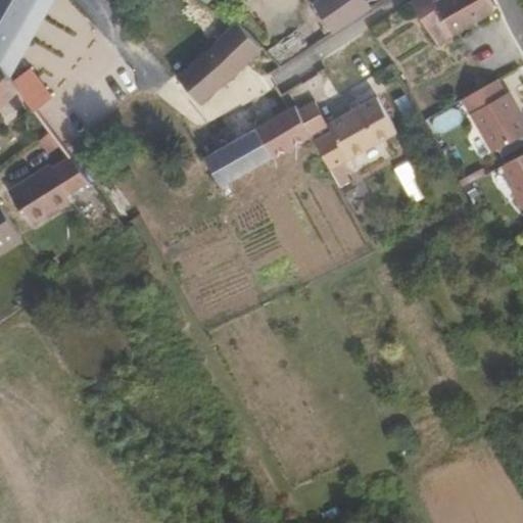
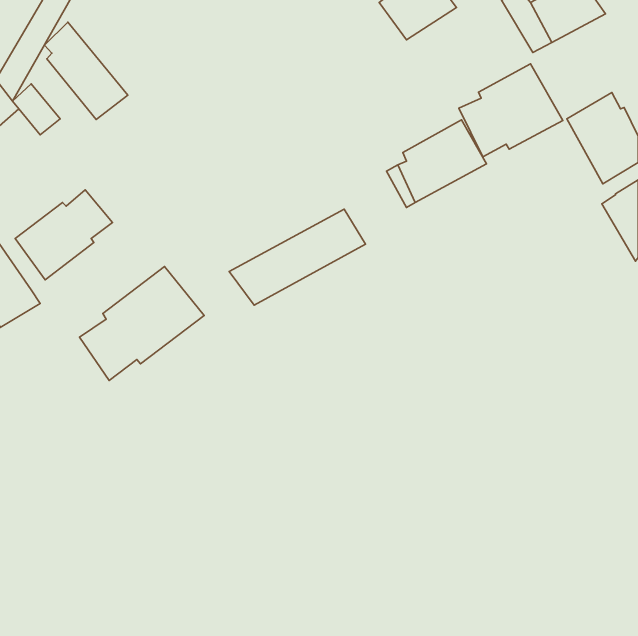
building: none -> [44,22,128,119]
building: [175,19,263,102] -> none
building: none -> [459,64,563,157]
building: [201,106,313,185] -> [229,209,366,305]
building: none -> [79,266,204,381]

